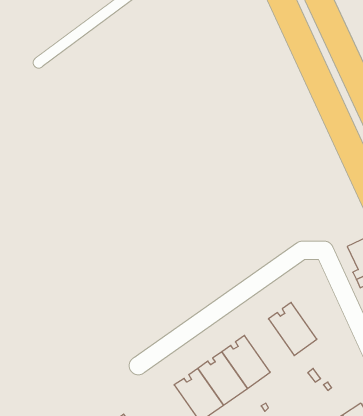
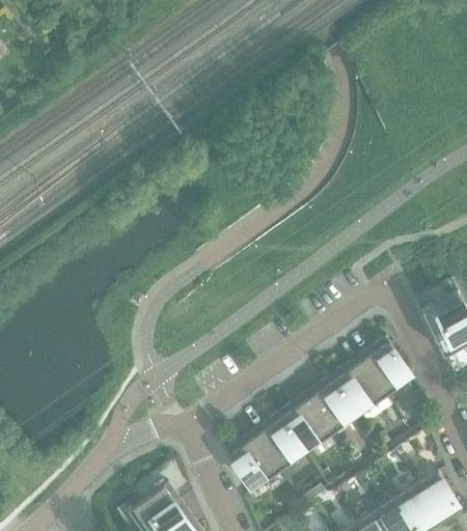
building: none -> [357,337,417,408]
building: none -> [304,375,360,436]

